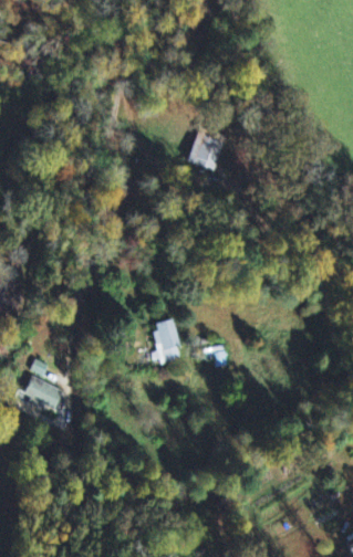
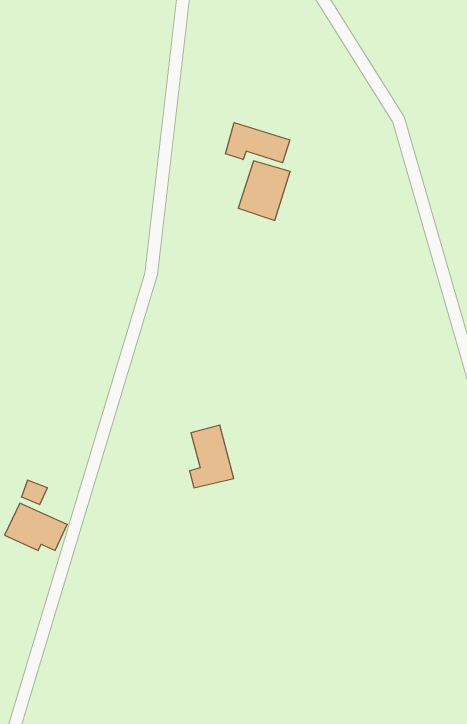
building: none -> [226,123,290,163]

